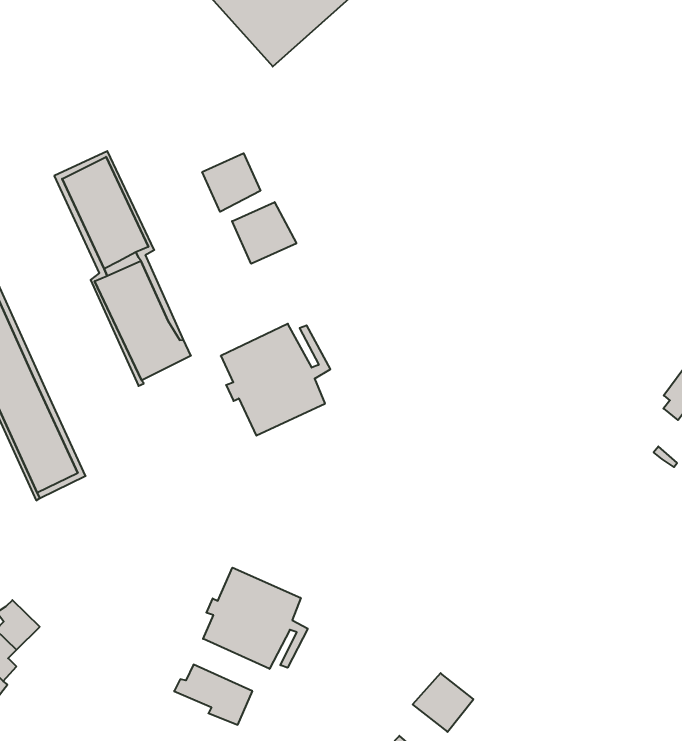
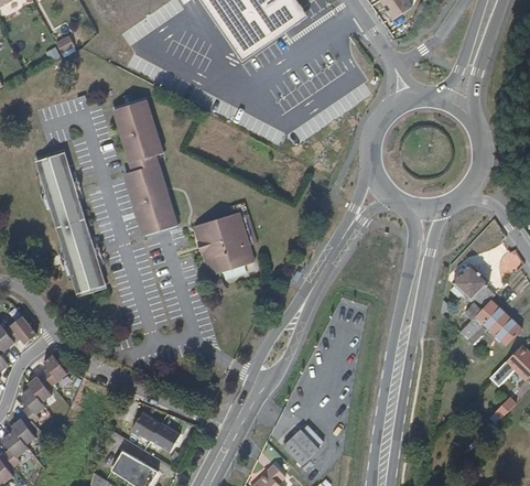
building: [202,153,260,212] -> none
building: [232,202,296,264] -> none
building: [203,568,308,669] -> none

